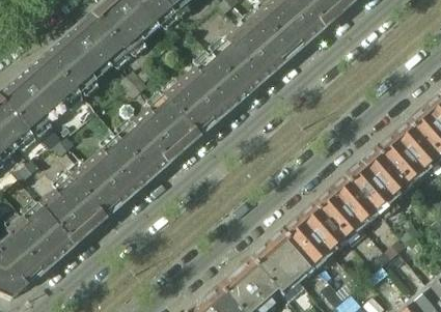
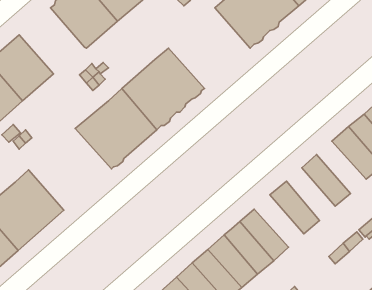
building: [60,15,126,81] -> none
building: [210,15,292,95] -> none
building: [70,136,153,218] -> none
building: [358,148,408,201] -> none
building: [328,175,377,228] -> none
building: [296,202,346,255] -> none

